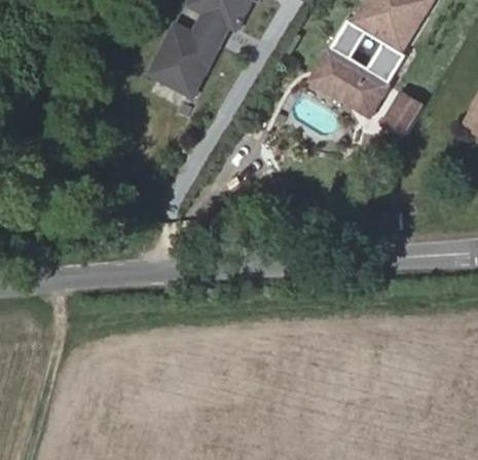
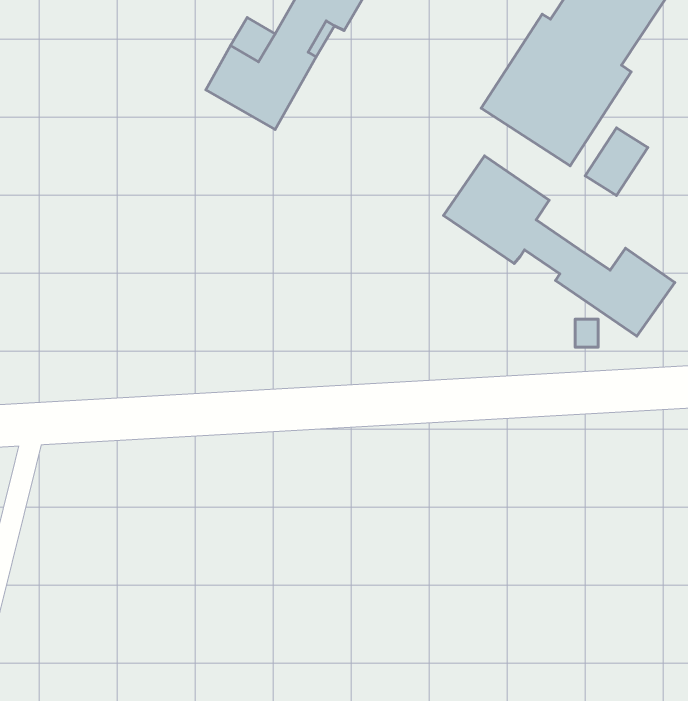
building: none -> [443,156,675,336]

